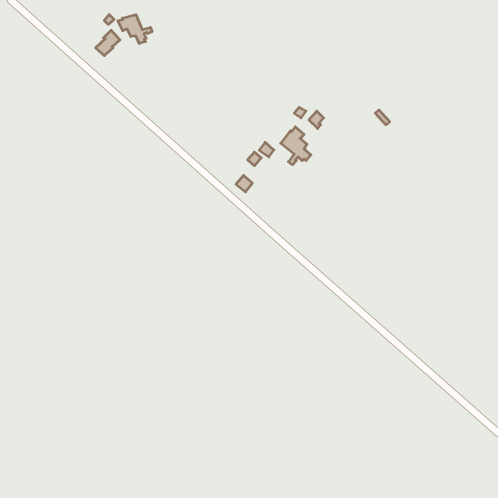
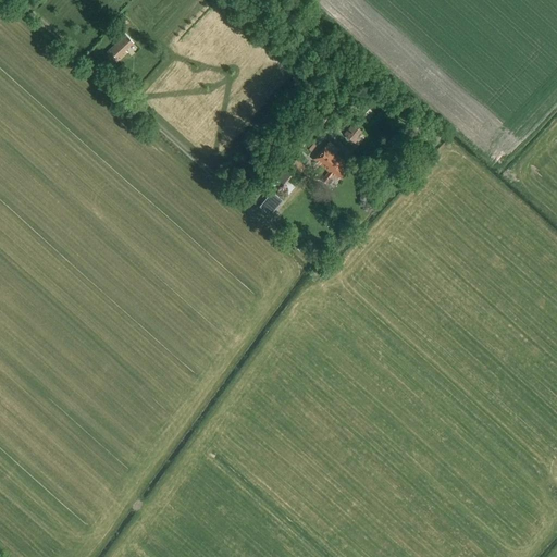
building: [118,15,152,44] -> none

